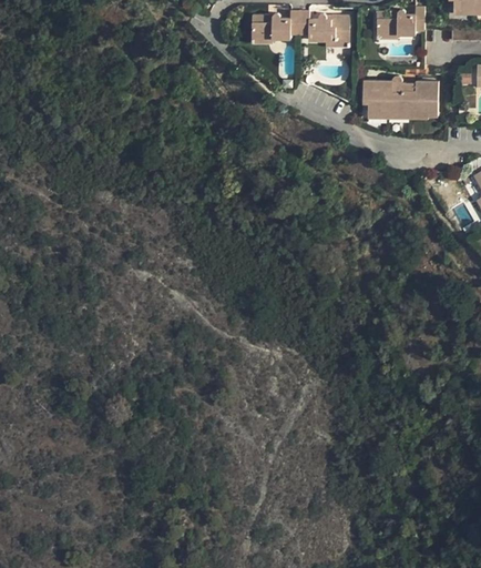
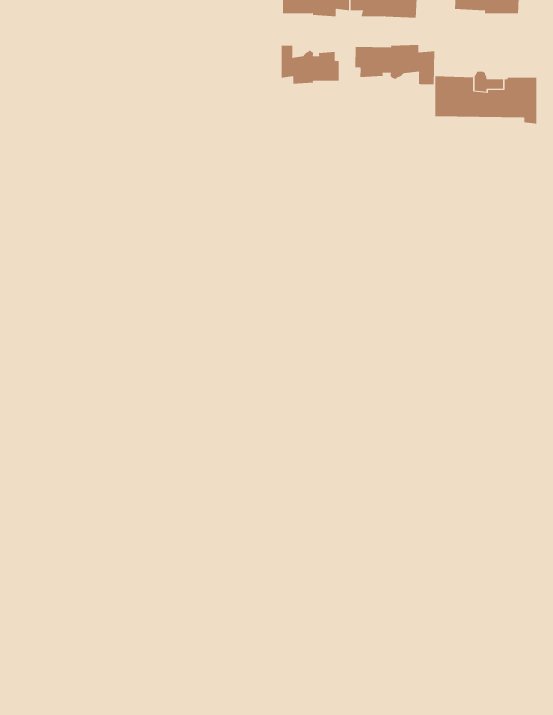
building: none -> [355,44,435,85]
building: none -> [281,45,339,85]

